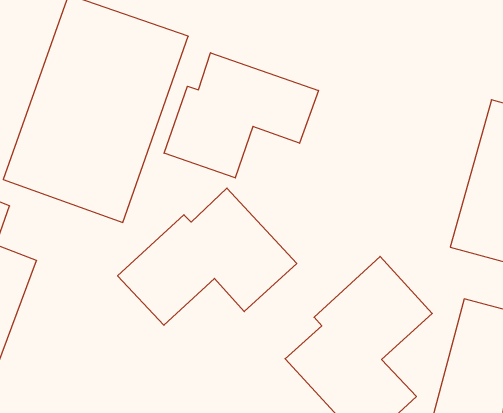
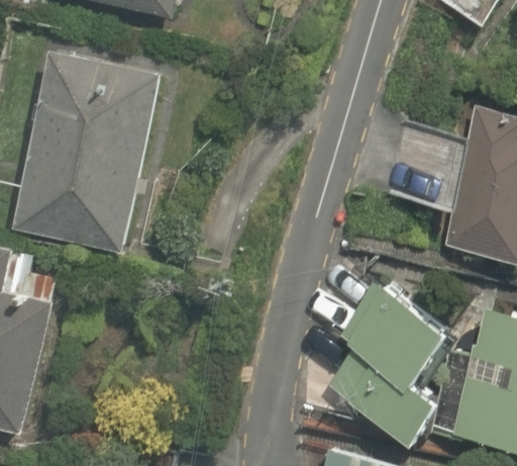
building: [164,53,318,178] -> none
building: [118,188,297,325] -> none

